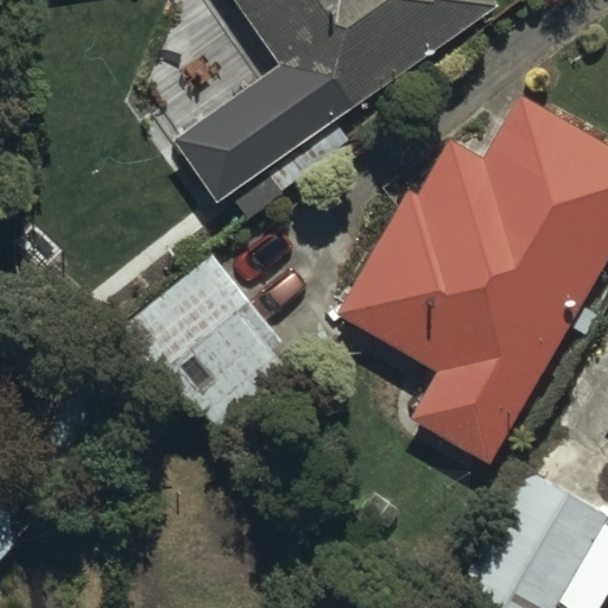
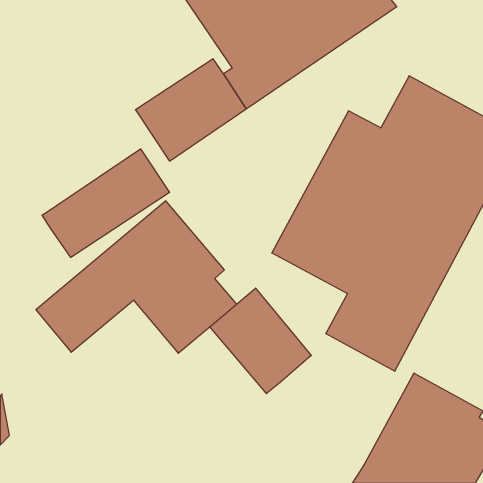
building: none -> [42,149,170,257]
building: none -> [210,288,311,394]

